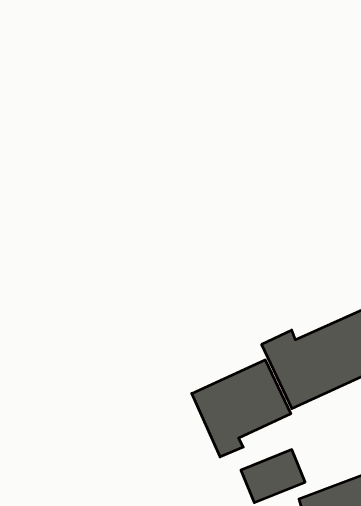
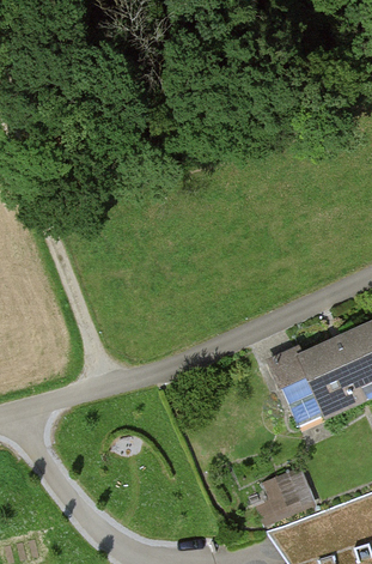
building: [192,360,291,457] -> none

